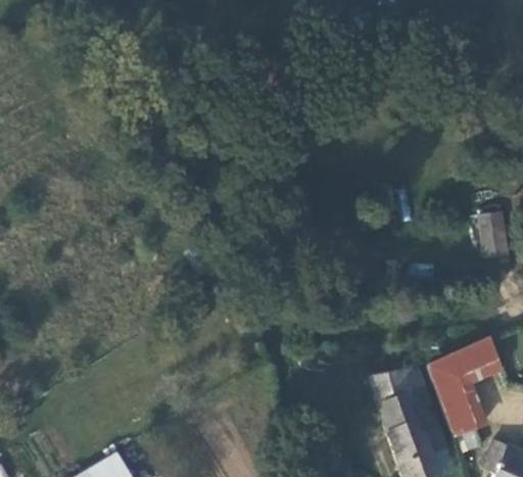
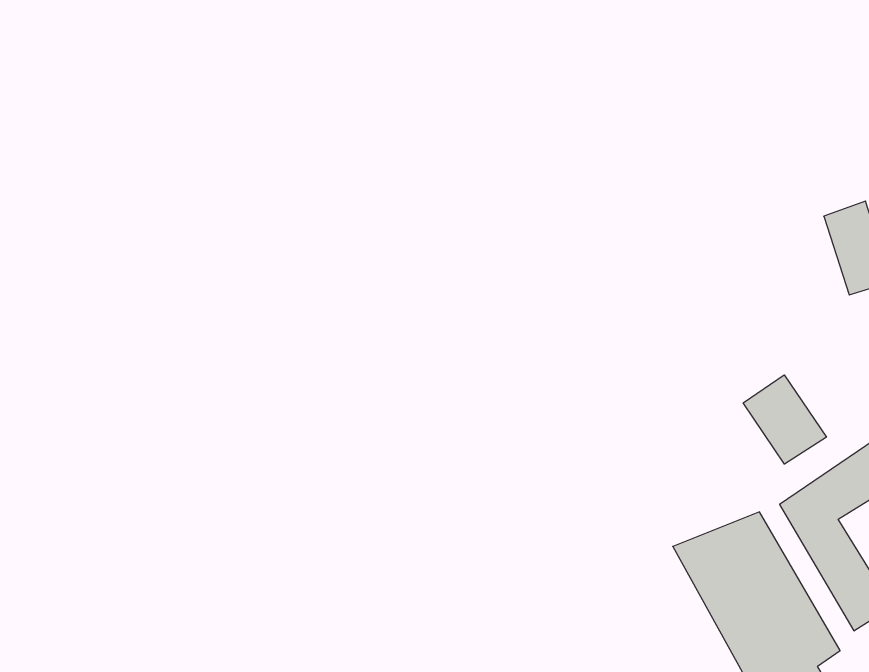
building: none -> [743,375,826,464]

